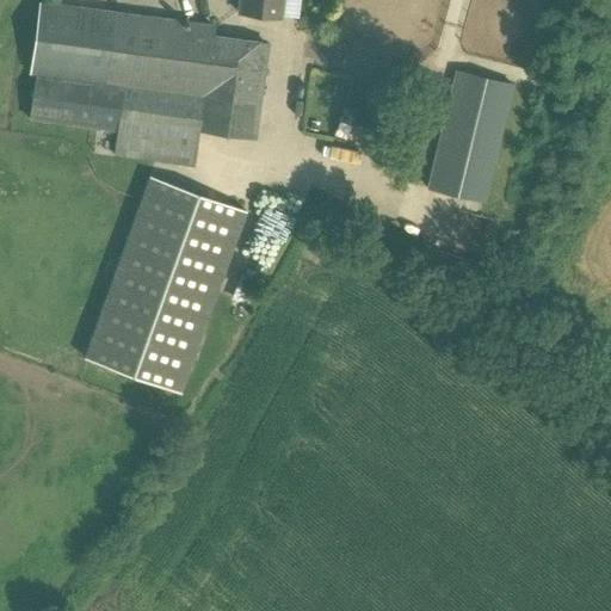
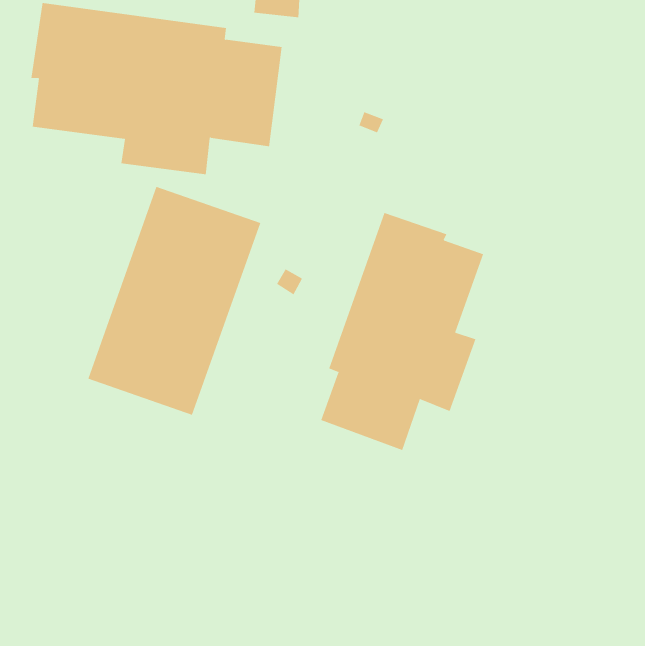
building: [431,72,514,202] -> none
building: none -> [321,212,484,451]

